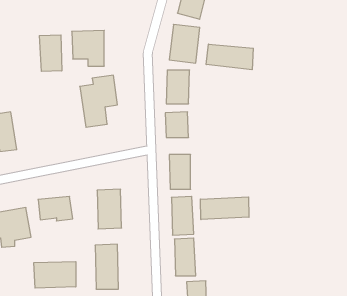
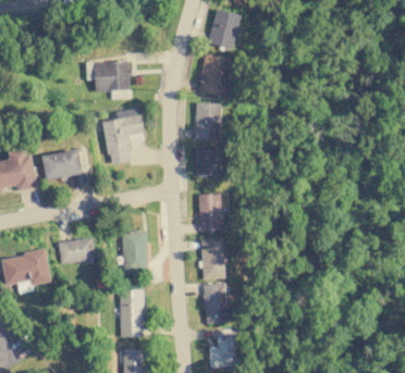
building: [39,35,62,71] -> none
building: [206,44,253,70] -> none
building: none -> [42,149,82,177]
building: [200,197,249,220] -> none
building: [34,262,76,288] -> none

